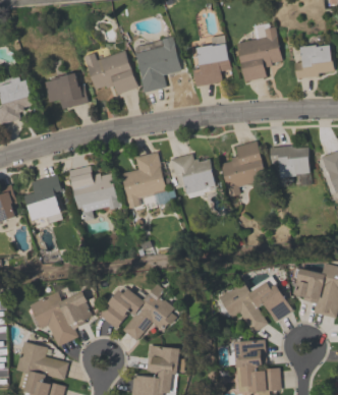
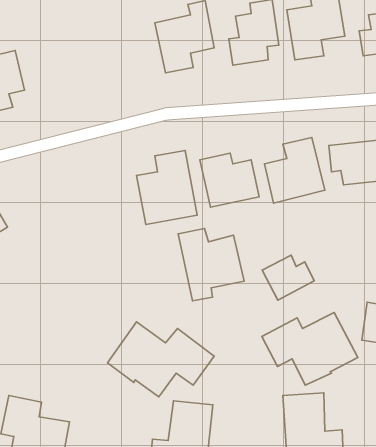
building: [83,50,137,94] -> none
building: [44,72,88,108] -> none
building: [69,165,120,221] -> [178,229,244,301]
building: [24,173,67,228] -> none
building: none -> [262,255,314,300]
building: [29,291,94,346] -> none

